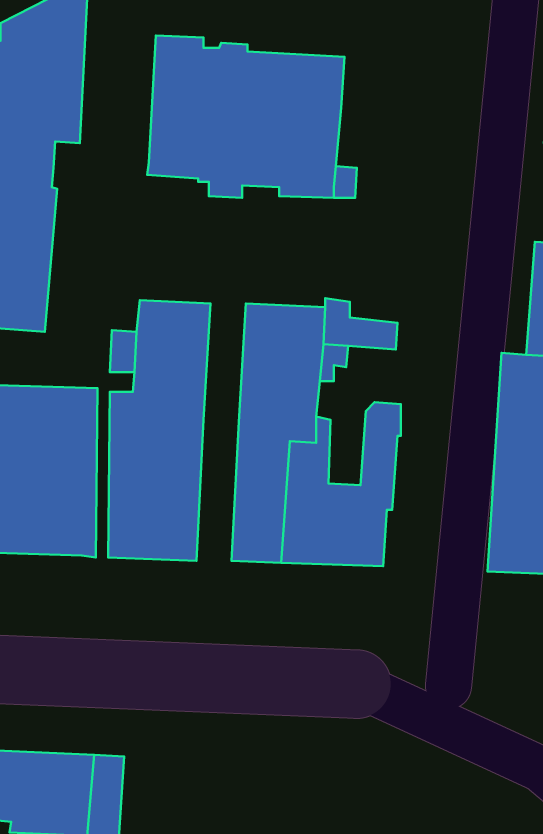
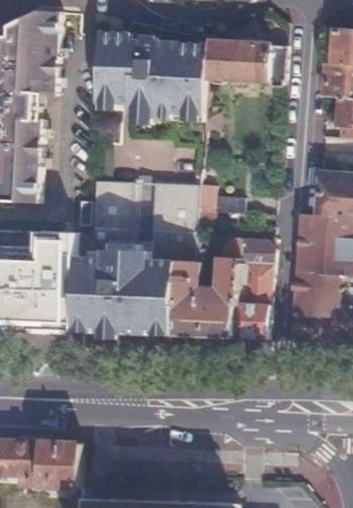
building: none -> [208,39,287,84]
building: none -> [232,243,274,338]
building: none -> [125,252,149,333]

